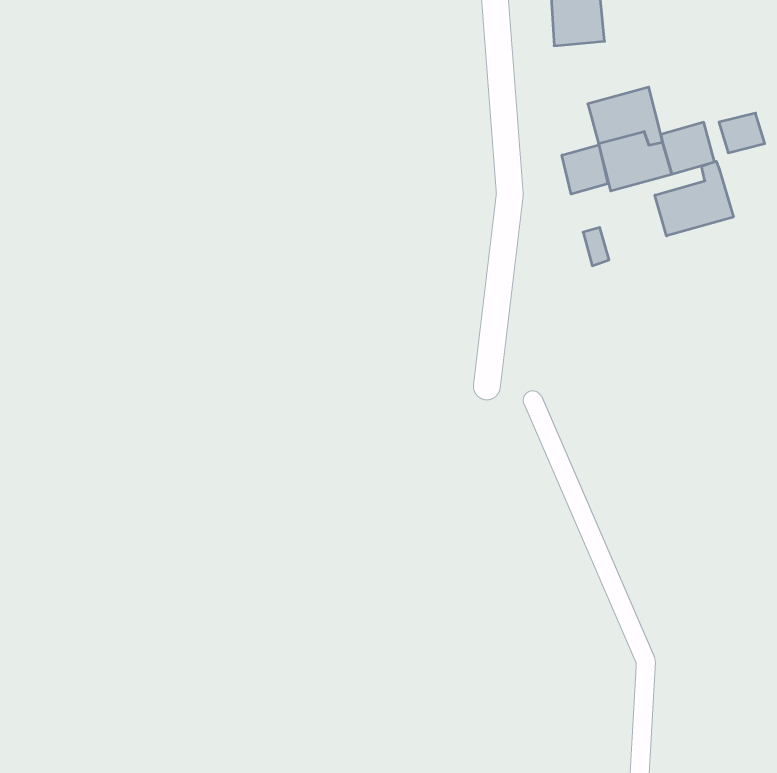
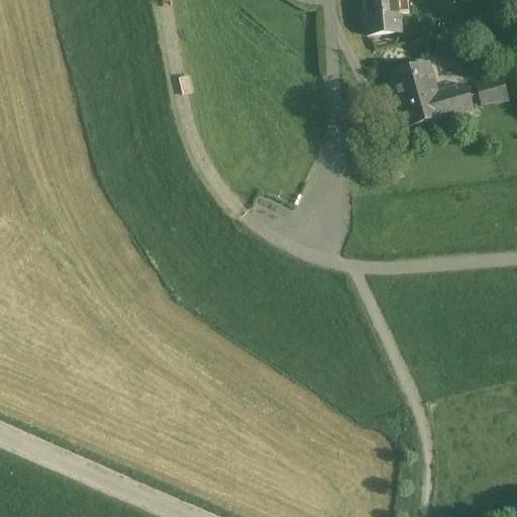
building: [562,145,608,194] -> none
building: [655,161,733,236] -> none

